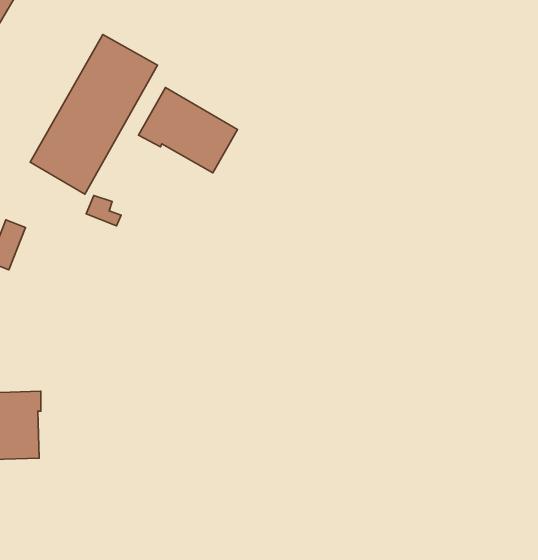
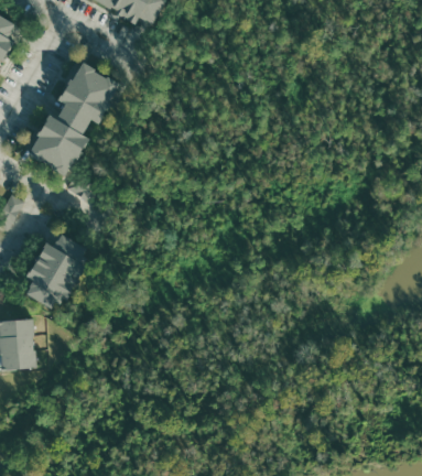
building: [139,88,238,173] -> none
building: none -> [21,230,95,313]

